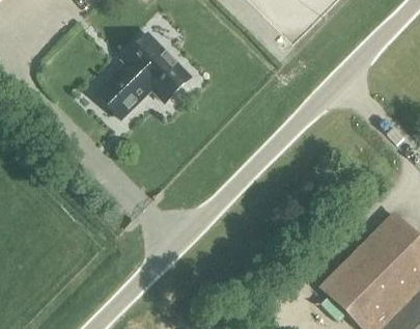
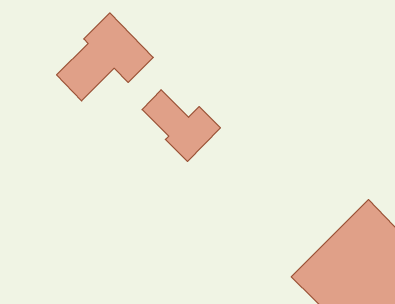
building: none -> [142,90,220,161]

